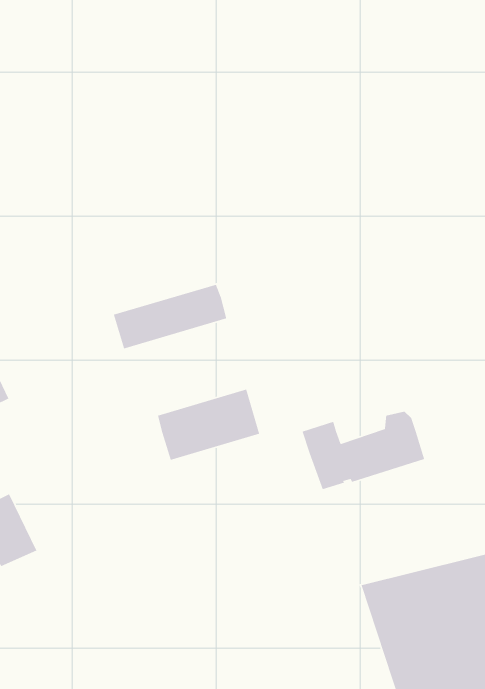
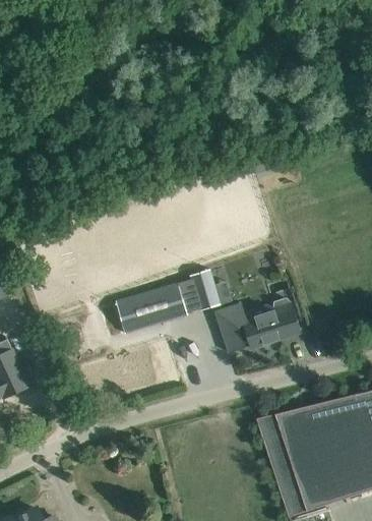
building: [113,284,227,350] -> none
building: none -> [190,269,221,310]

